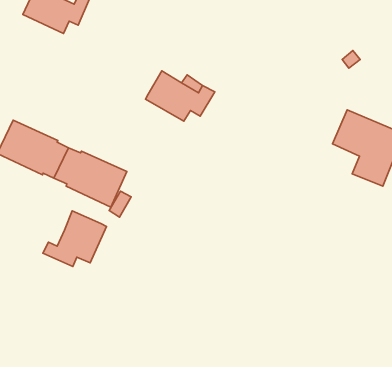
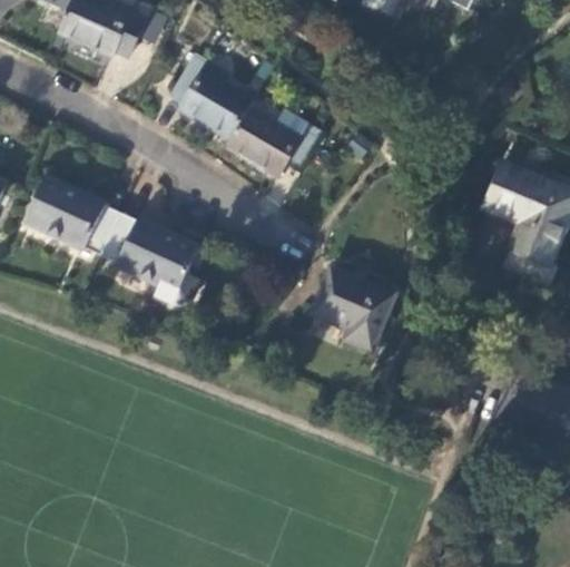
building: none -> [169,53,253,140]
building: none -> [313,267,395,351]
building: [43,211,107,266] -> none

